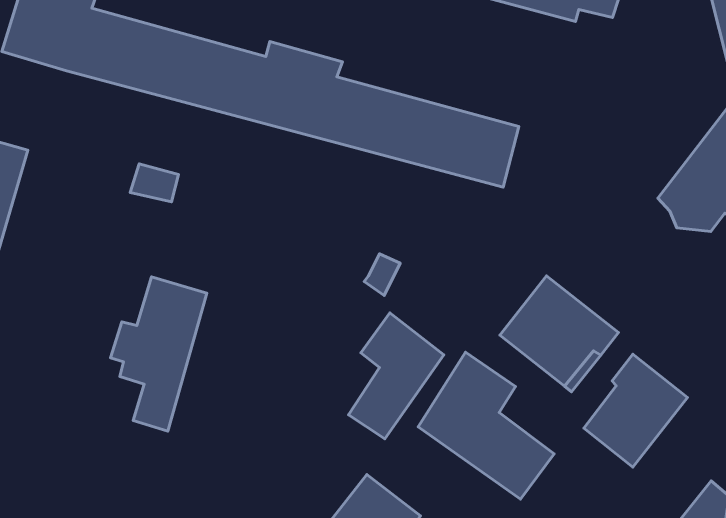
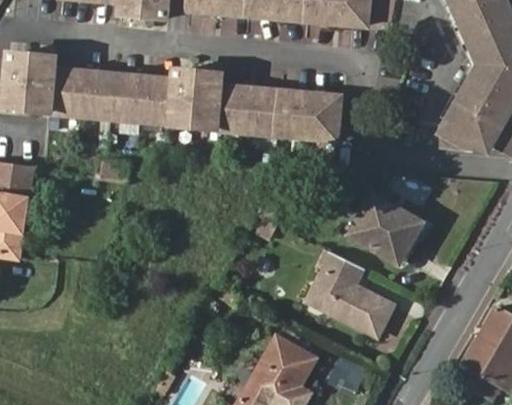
building: [110,277,207,431] -> none
building: [348,313,444,439] -> none
building: [584,354,687,467] -> none

